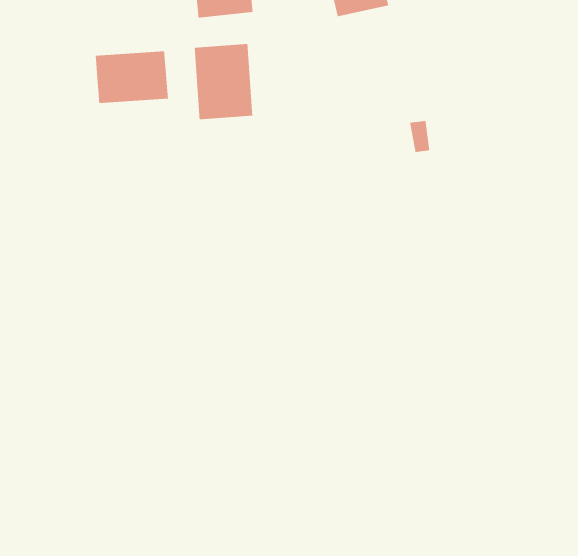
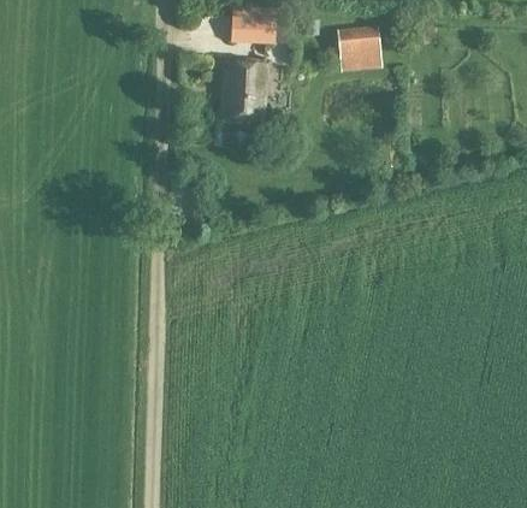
building: [95,51,169,104] -> none

